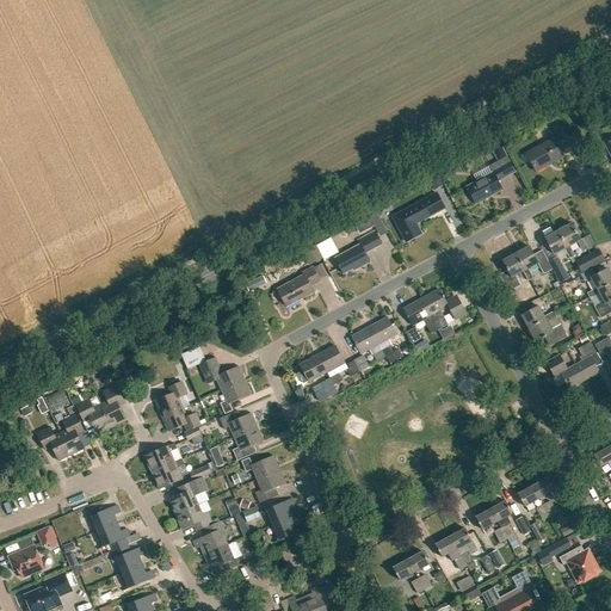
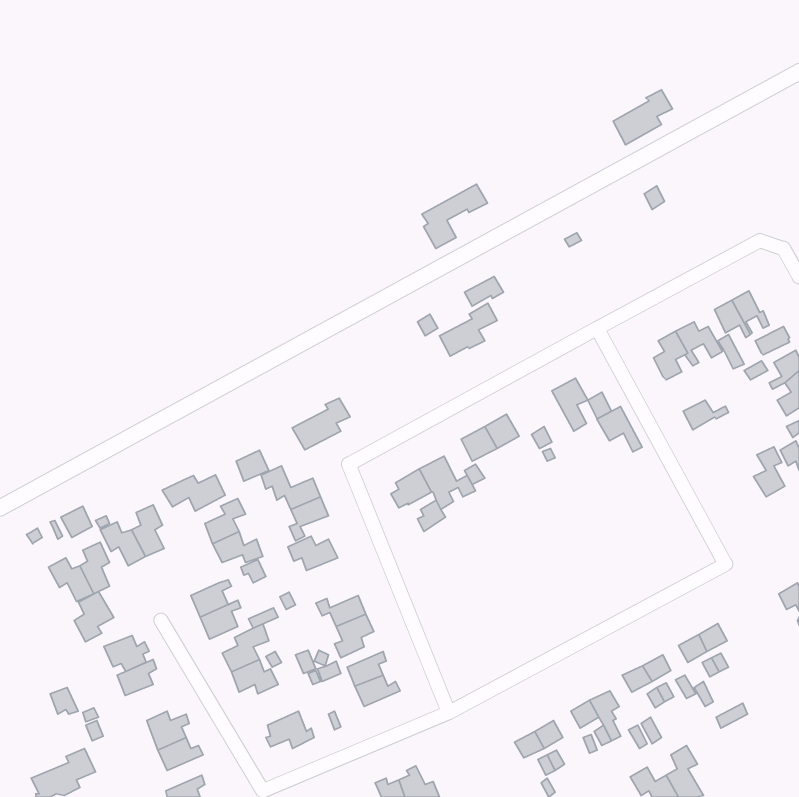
building: [526,129,572,171] -> [613,90,673,145]
building: [467,162,506,203] -> none
building: [395,192,445,241] -> [422,184,488,248]
building: [277,266,321,306] -> [292,398,350,450]
building: [403,298,438,333] -> [597,407,642,452]
building: [529,319,568,345] -> none
building: [547,353,585,388] -> none
building: none -> [162,475,225,511]
building: [233,426,264,459] -> none
building: none -> [74,591,114,642]
building: [193,520,228,554] -> none
building: [95,523,130,550] -> [104,635,149,671]
building: [8,544,44,576] -> none
building: [558,544,599,581] -> none

